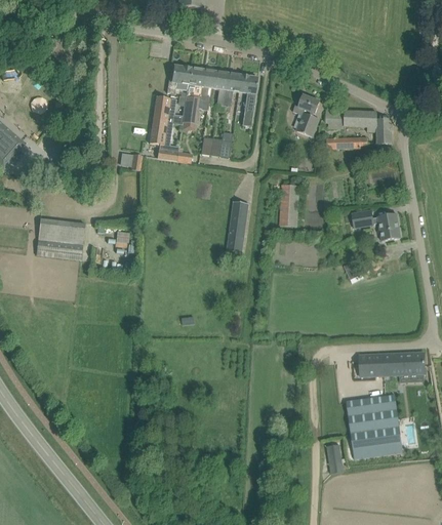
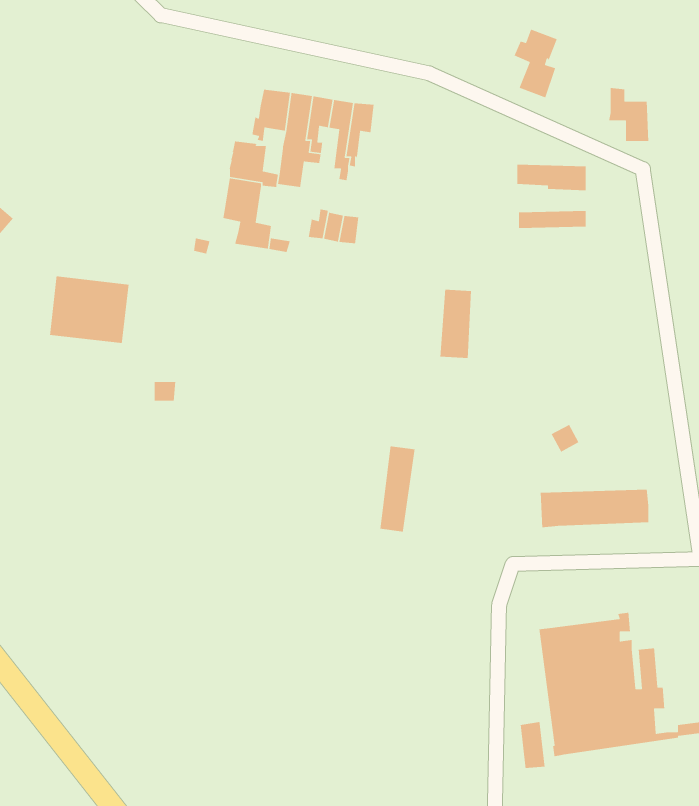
building: [238,74,257,125] -> none
building: [292,94,319,136] -> [513,28,558,99]
building: [366,111,391,144] -> [608,87,649,142]
building: [227,201,248,253] -> [380,445,415,533]
building: [351,210,400,240] -> none
building: [36,218,84,259] -> [49,276,129,344]
building: [359,353,425,376] -> [540,489,649,528]

